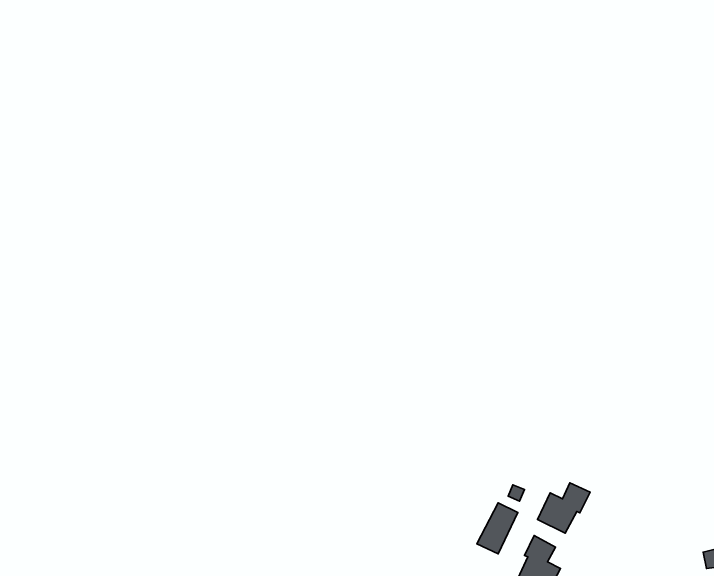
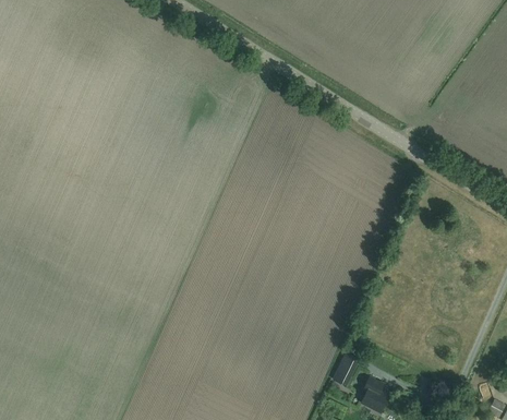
building: [538,483,590,533] -> none

